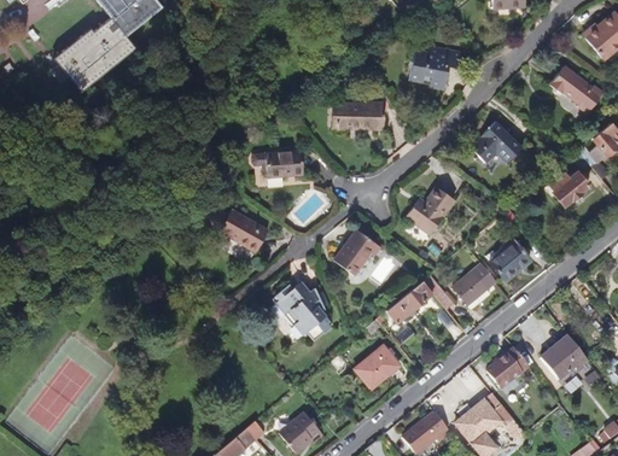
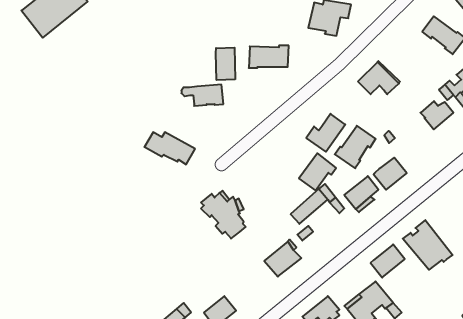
building: none -> [216,48,235,80]
building: none -> [335,126,376,168]
building: [334,228,380,274] -> [299,153,336,190]

